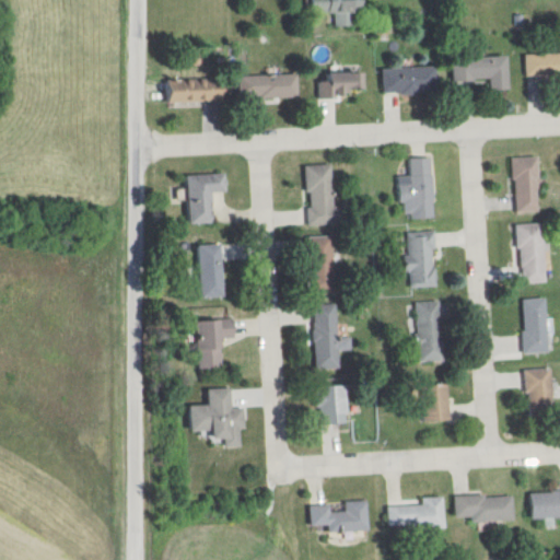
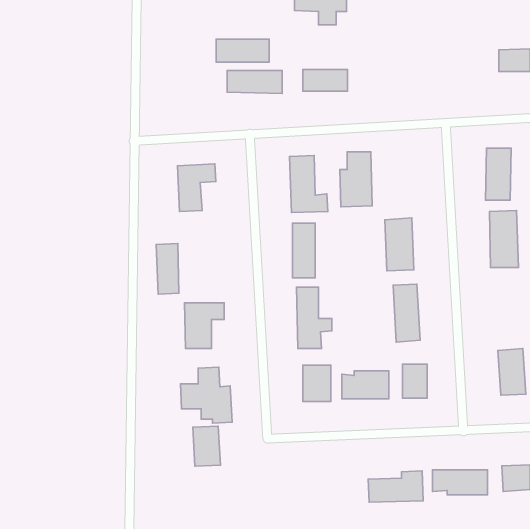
building: [451,56,510,90] -> none
building: [383,67,438,94] -> none
building: [170,78,225,102] -> [216,39,269,62]
building: [399,158,433,215] -> [340,152,372,207]
building: [199,243,223,296] -> [156,243,179,294]
building: [523,299,548,353] -> none
building: none -> [342,371,389,399]
building: none -> [193,426,220,466]
building: [311,500,370,532] -> none

